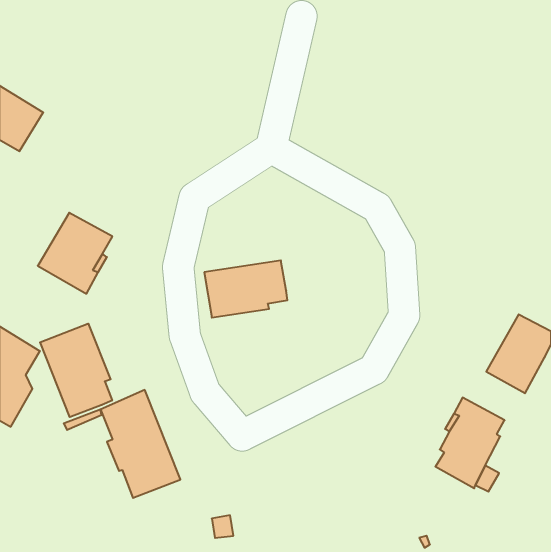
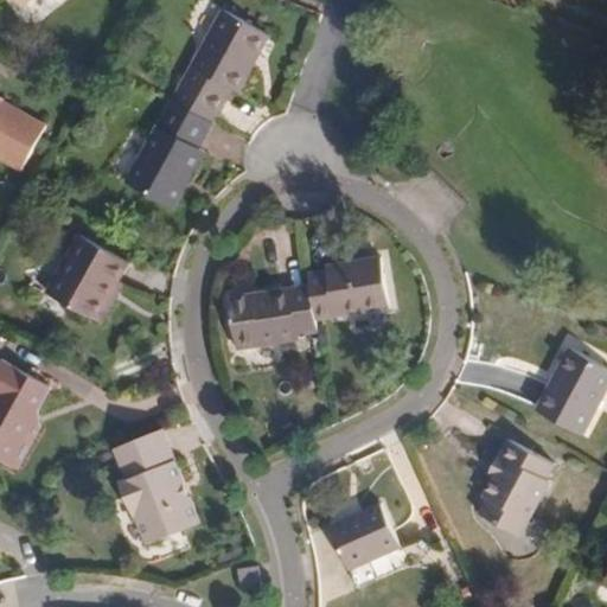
building: none -> [126,9,270,211]
building: none -> [307,256,389,319]
building: [40,324,112,417] -> none
building: none -> [327,504,402,573]

